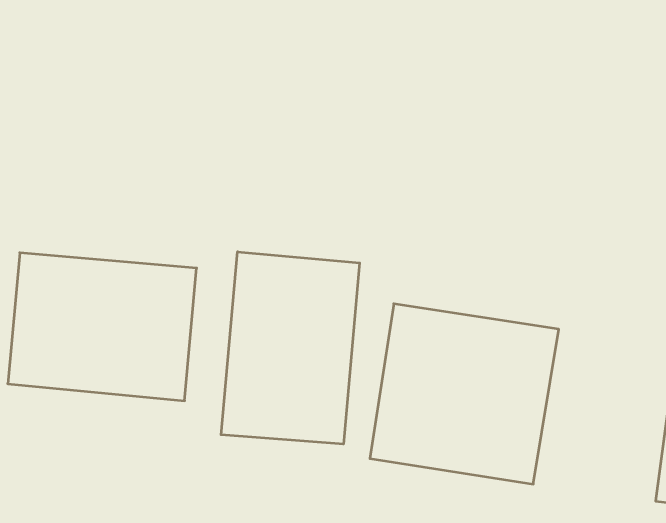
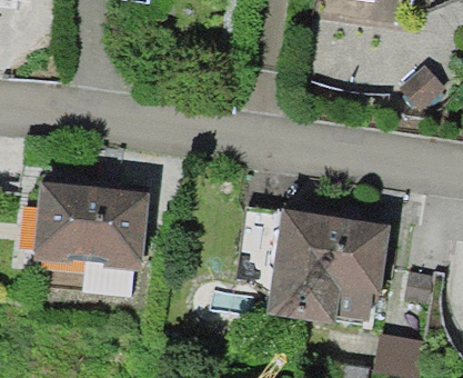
building: [221,252,360,444] -> none

